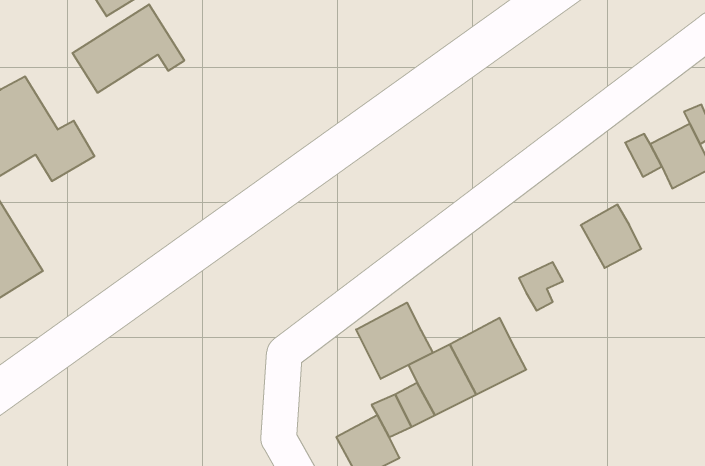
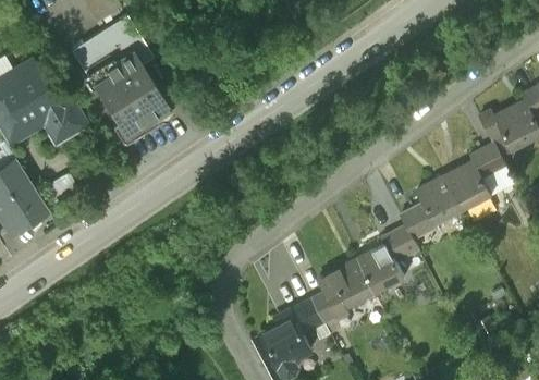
building: none -> [88,50,173,140]
building: none -> [469,144,503,176]
building: none -> [418,176,463,223]
building: none -> [382,226,418,262]
building: [356,303,433,379] -> none

